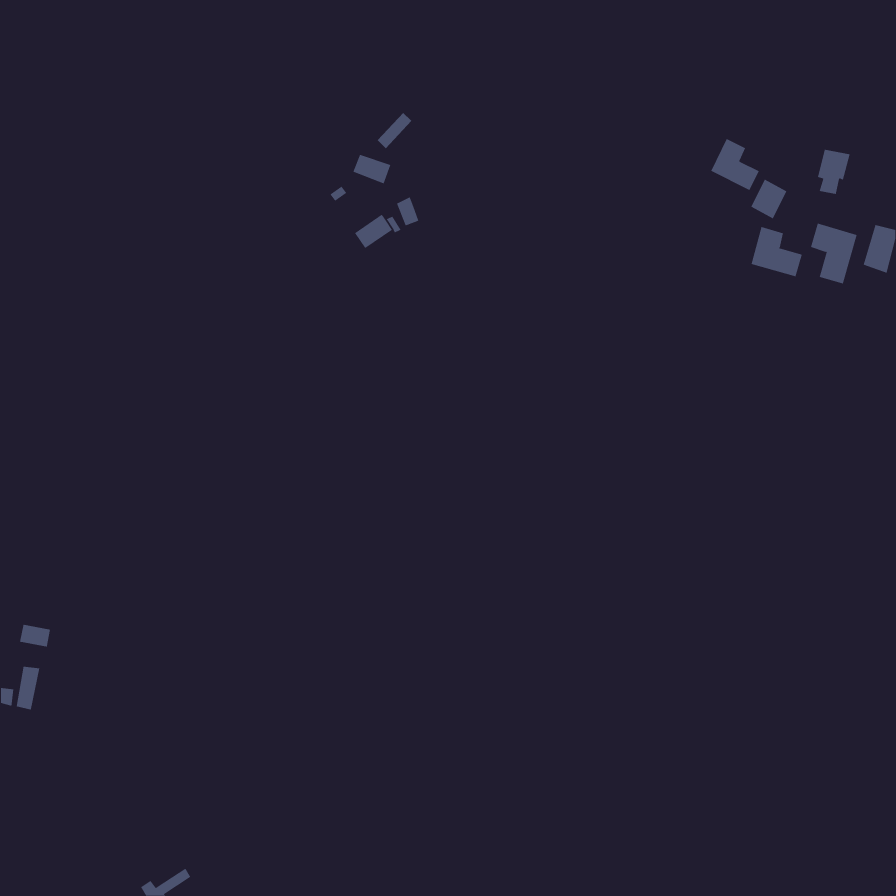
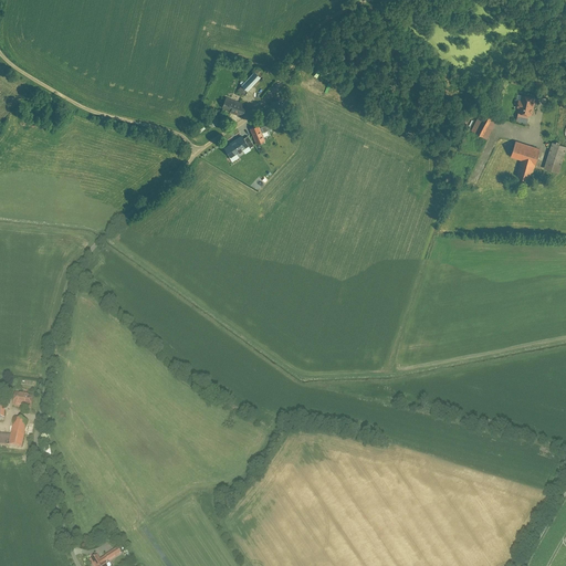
building: [710,138,759,191] -> none
building: [751,226,803,277] -> none

